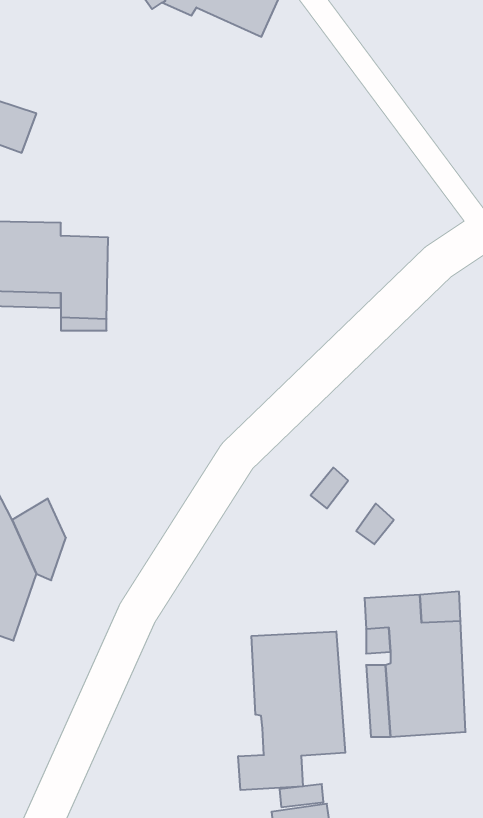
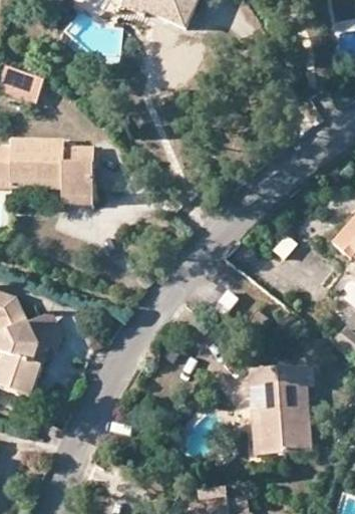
building: [238,631,345,790] -> none

